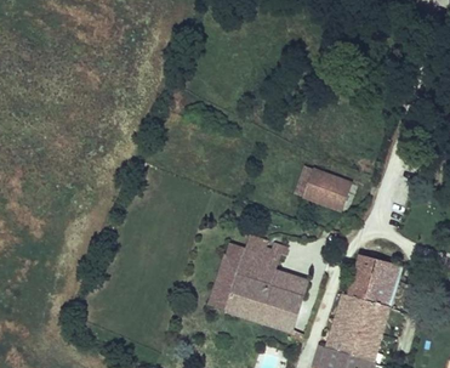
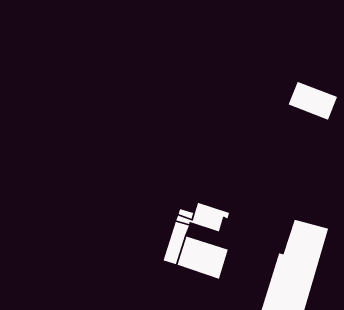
building: [294,165,352,211] -> [288,81,338,121]
building: [237,259,307,329] -> none

